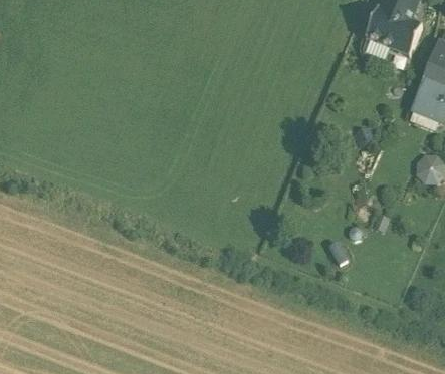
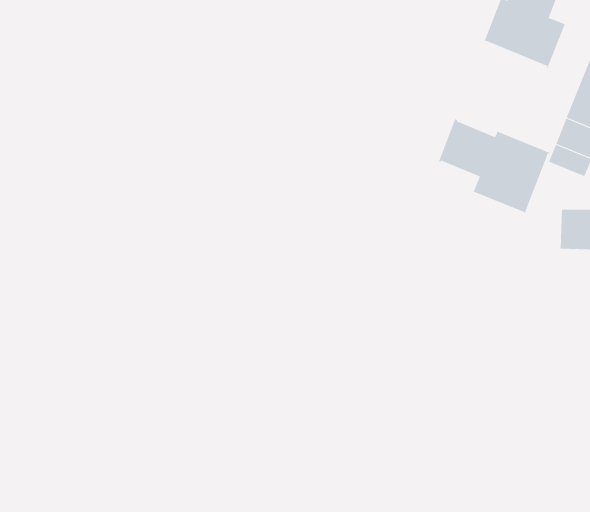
building: none -> [438,119,552,213]

